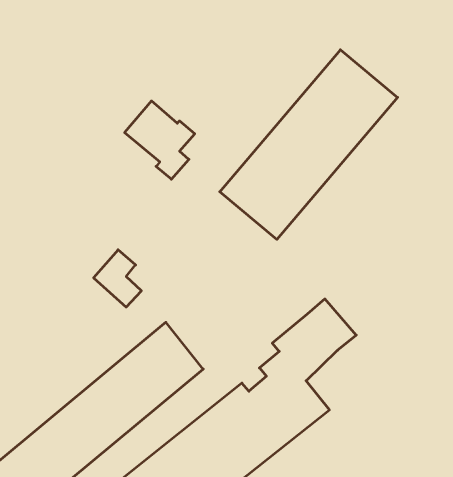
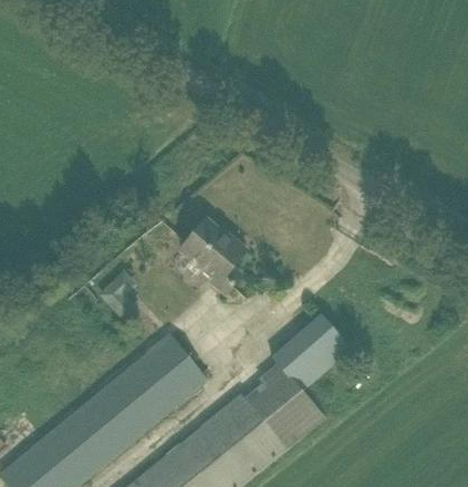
building: [220,50,398,239] -> none
building: [125,101,195,179] -> [179,220,246,294]

